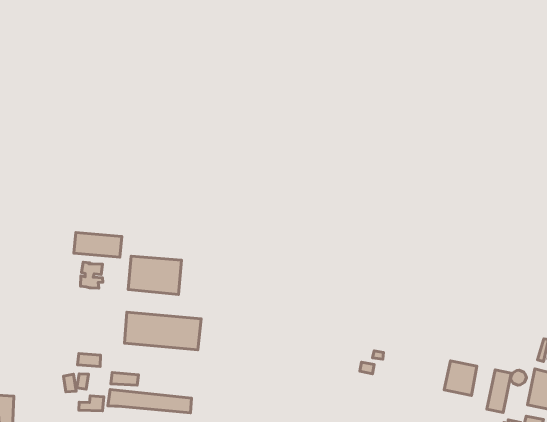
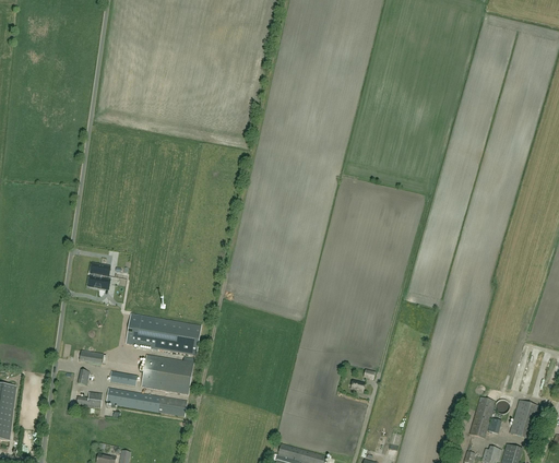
building: [74,233,122,257] -> none
building: [128,256,182,295] -> [140,355,193,395]
building: [444,361,477,396] -> none

